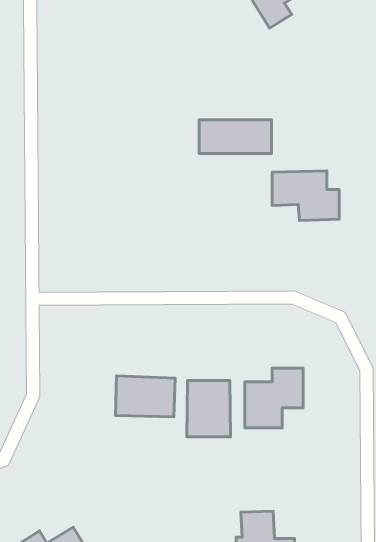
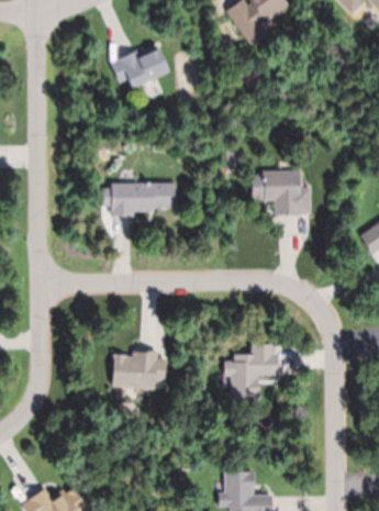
building: none -> [110,48,167,88]
building: [199,120,271,153] -> [111,182,175,212]
building: [187,380,231,437] -> none

